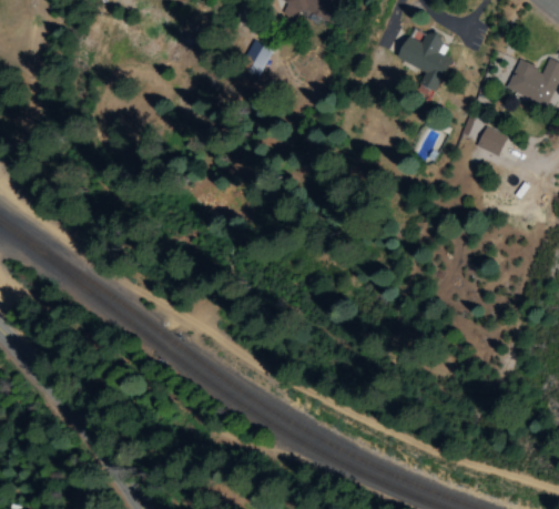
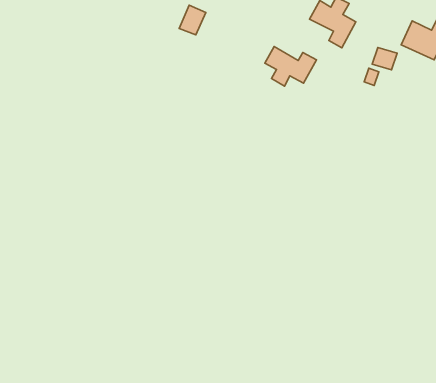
building: none -> [265,46,317,86]
building: [478,128,508,154] -> [372,48,397,70]

